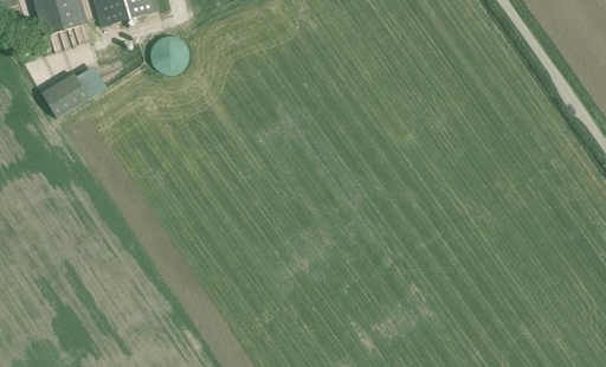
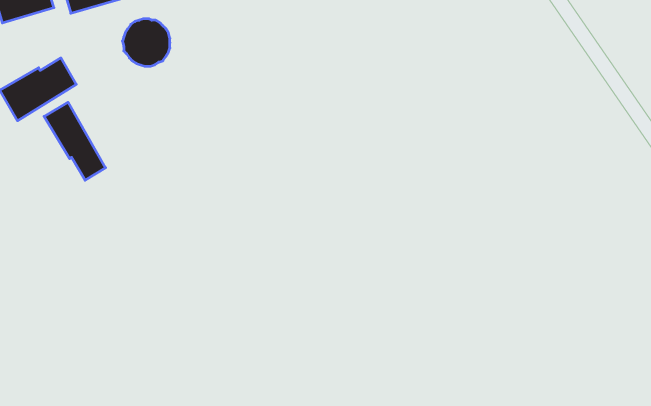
building: none -> [44,102,106,180]

